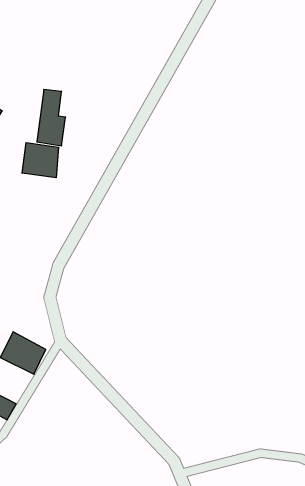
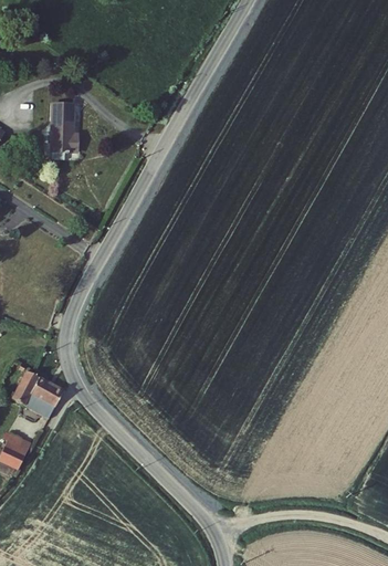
building: [22,143,58,178] -> none

